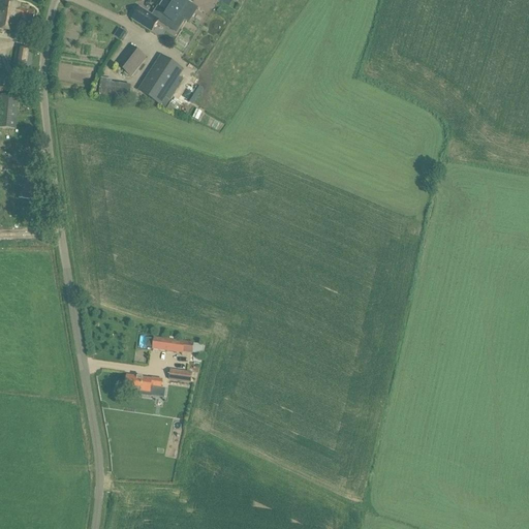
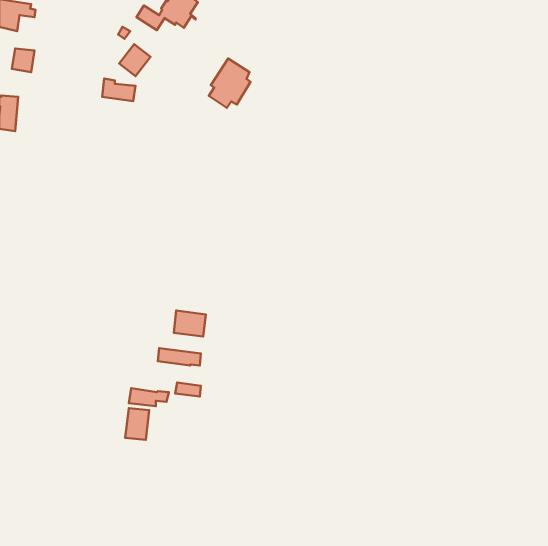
building: [142,54,182,101] -> [209,58,251,108]
building: none -> [174,311,206,337]
building: none -> [125,408,149,440]

